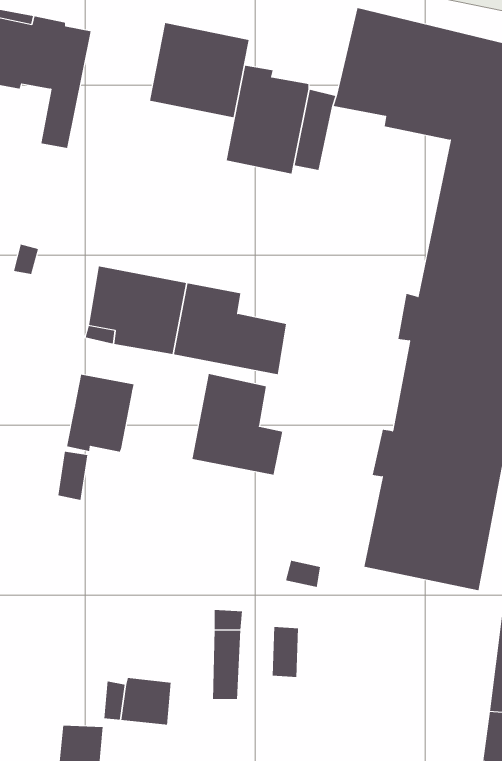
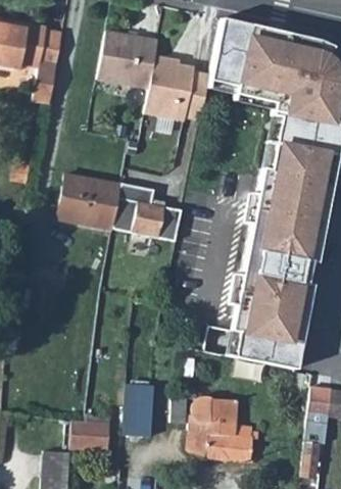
building: [192,373,283,475] -> none
building: [67,374,134,453] -> none
building: none -> [189,397,261,460]

